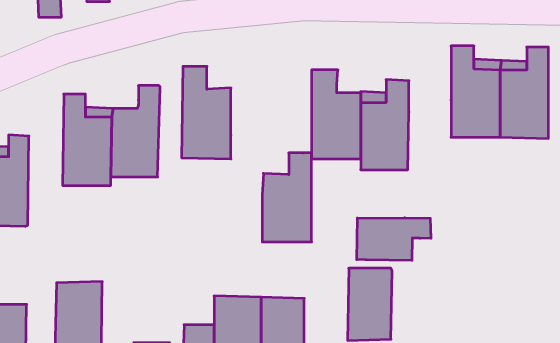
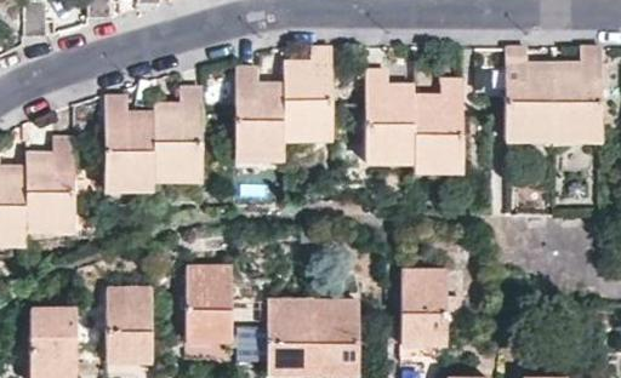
building: [262,153,312,242] -> [284,47,334,137]
building: [357,218,431,260] -> none
building: none -> [187,265,233,338]

